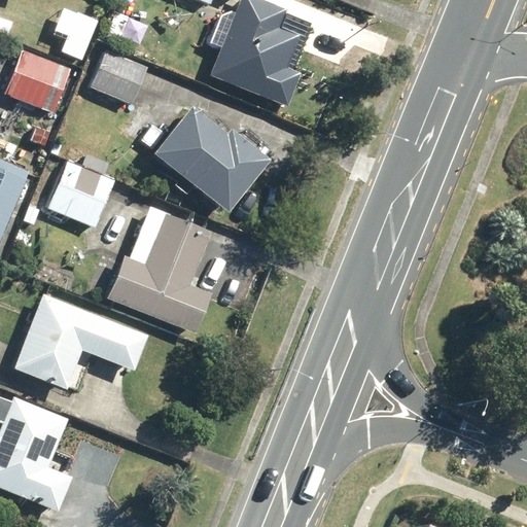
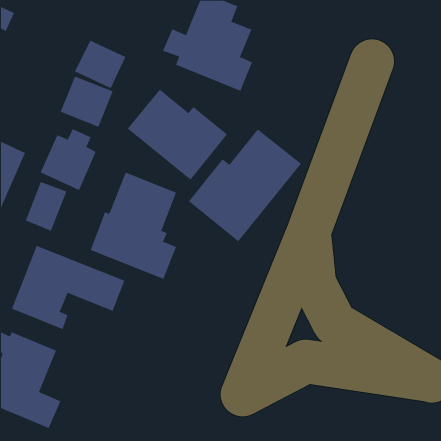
building: [51,6,99,60] -> none
building: [6,50,70,112] -> [60,76,113,128]
building: none -> [188,129,302,242]
building: none -> [25,181,67,231]

